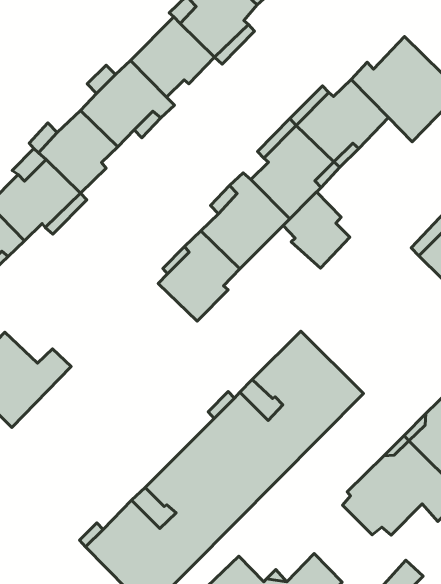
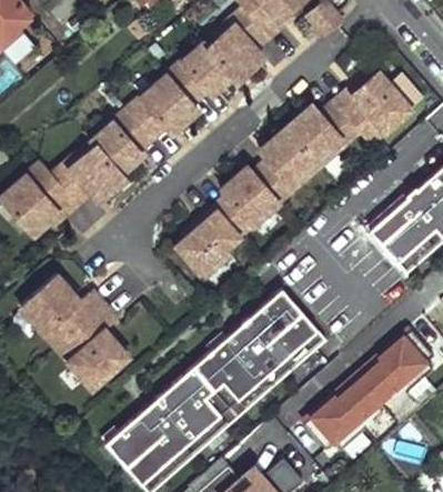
building: [283,192,350,268] -> none
building: none -> [57,303,129,386]

